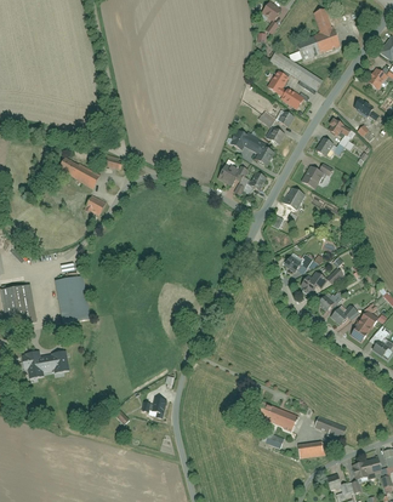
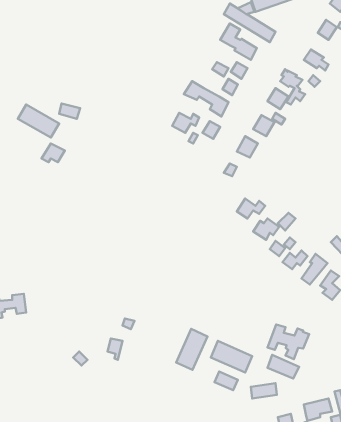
building: [56,276,90,324] -> none
building: none -> [267,325,309,359]
building: none -> [176,329,208,370]

